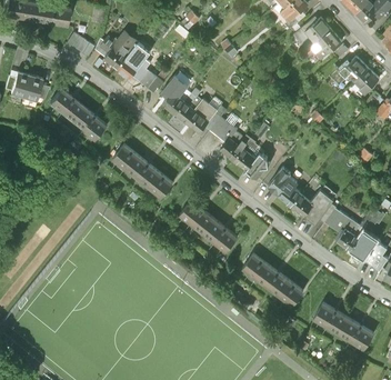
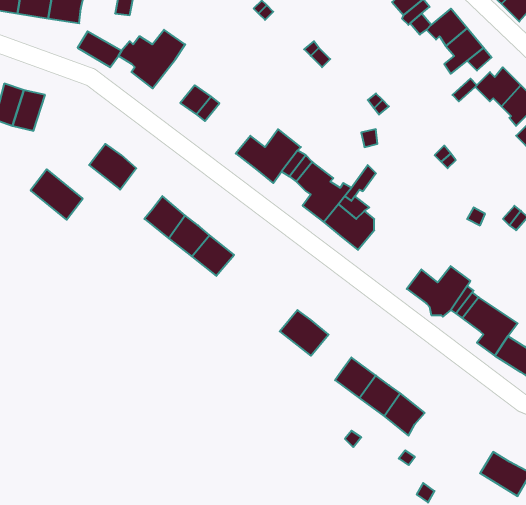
building: [118,51,147,81] -> none
building: [161,77,189,116] -> none
building: [50,89,86,123] -> [31,169,83,220]
building: [267,168,301,208] -> none
building: [180,201,217,237] -> none
building: [314,303,350,333] -> none

